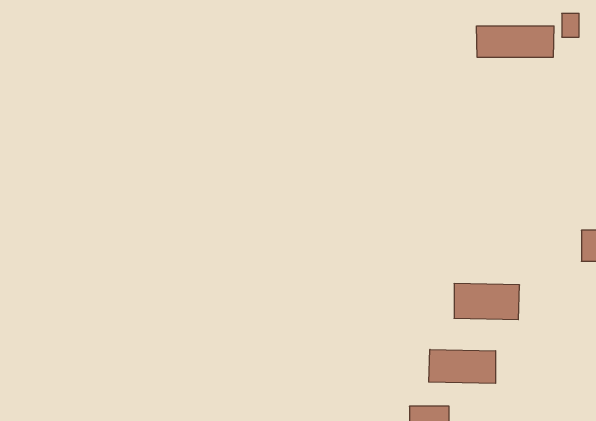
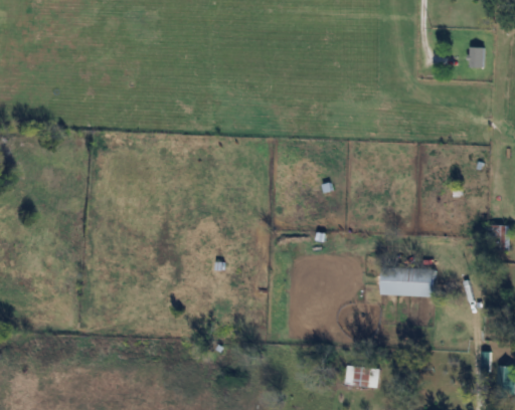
building: [477,26,554,57] -> none
building: [429,349,496,383] -> none

